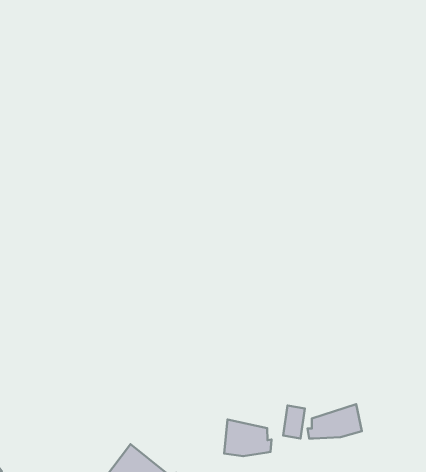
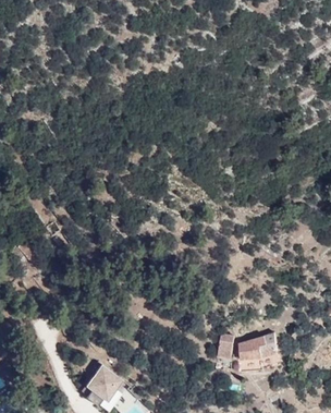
building: [224,420,271,456] -> none

